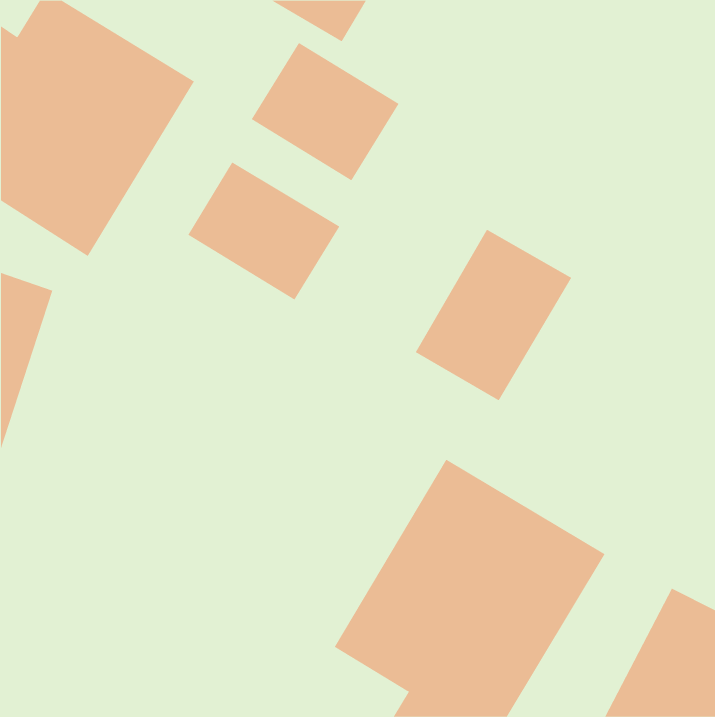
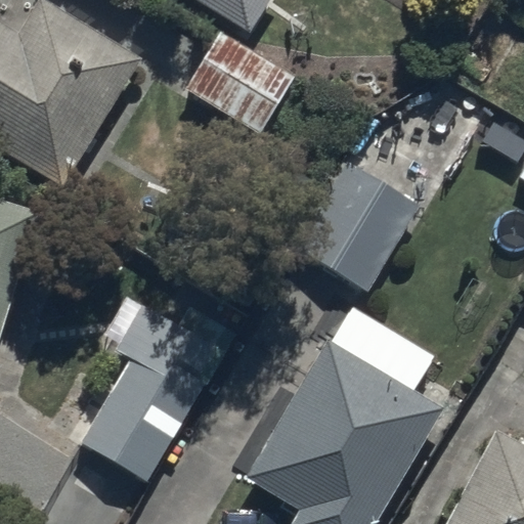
building: [187,161,340,301] -> none
building: none -> [84,290,228,483]

